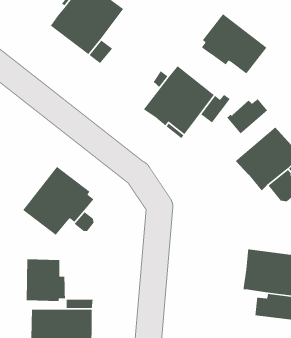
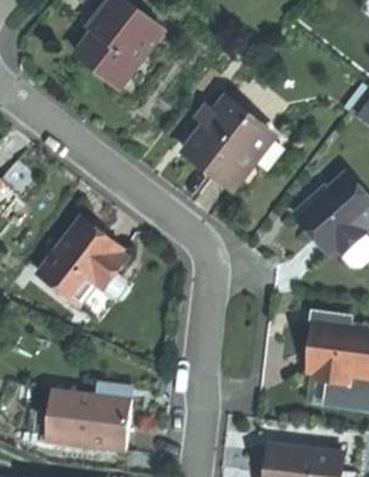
building: [201,13,268,74] -> none
building: [226,98,268,135] -> none
building: [26,259,66,302] -> none

